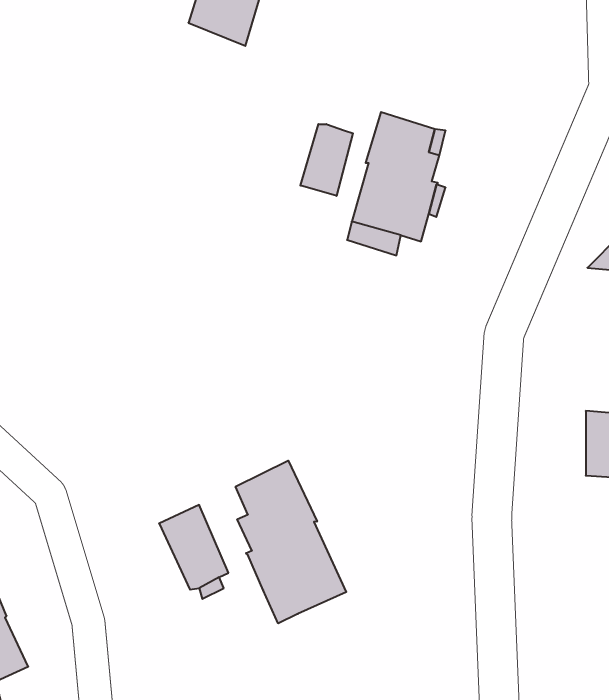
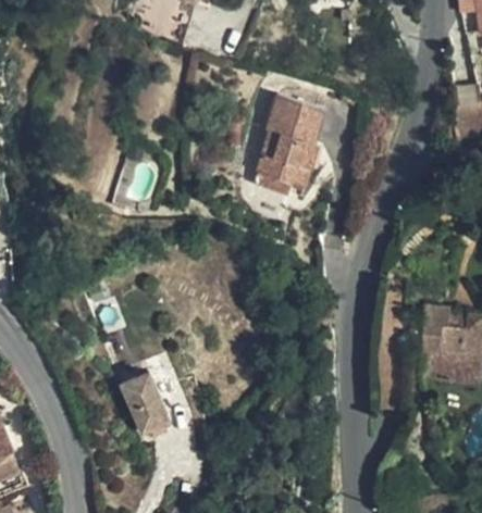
building: [300,124,353,196] -> none
building: [236,461,346,623] -> none

